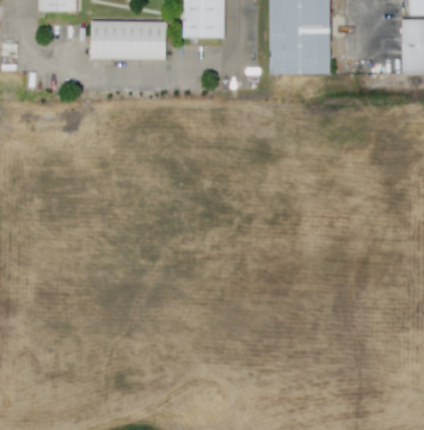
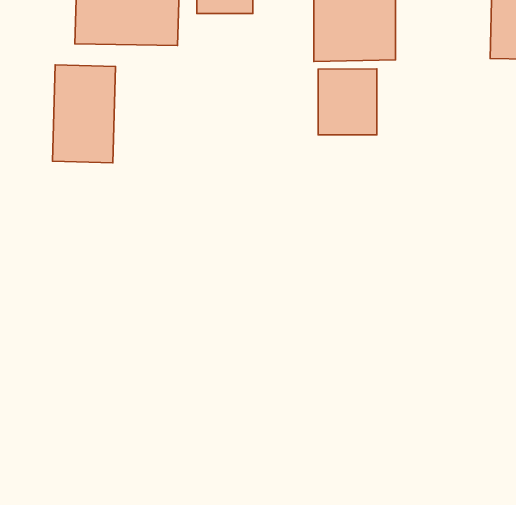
building: none -> [52,65,116,163]
building: none -> [318,69,377,135]

